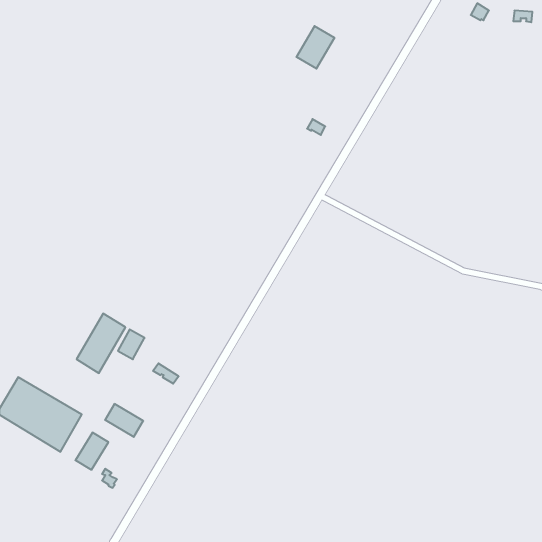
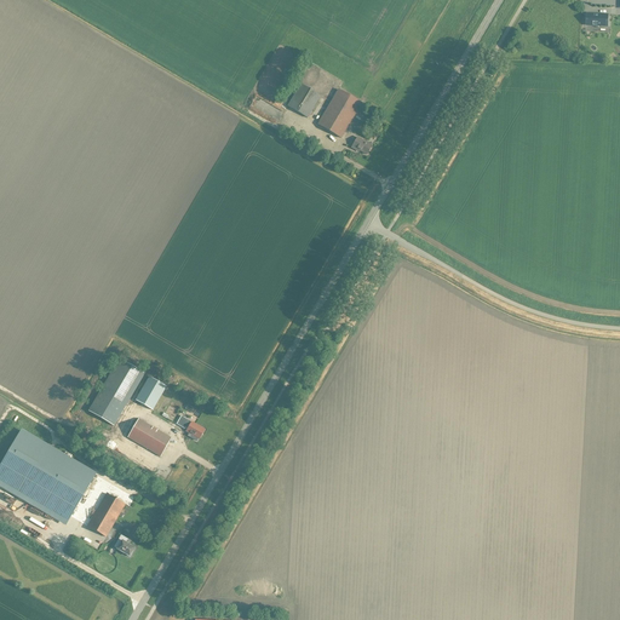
building: [296,26,335,69] -> [316,88,360,137]
building: none -> [286,82,318,116]
building: [105,404,143,437] -> [126,418,170,455]

